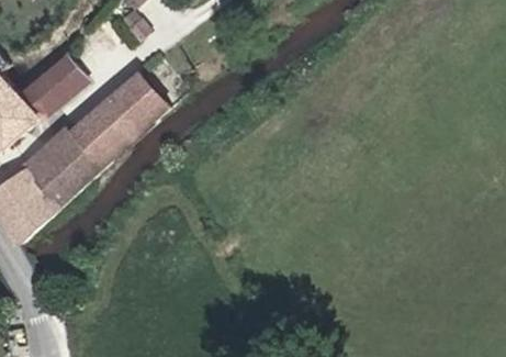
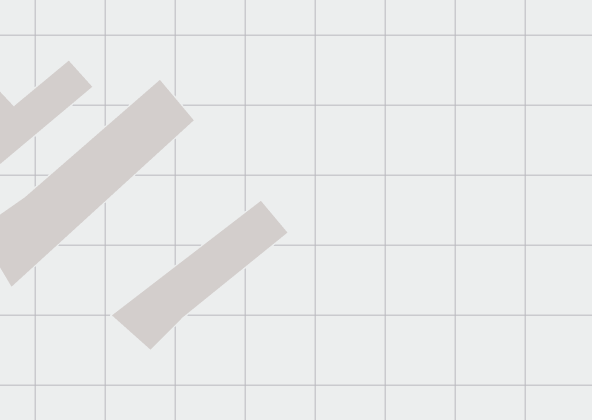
building: none -> [111,200,288,351]

